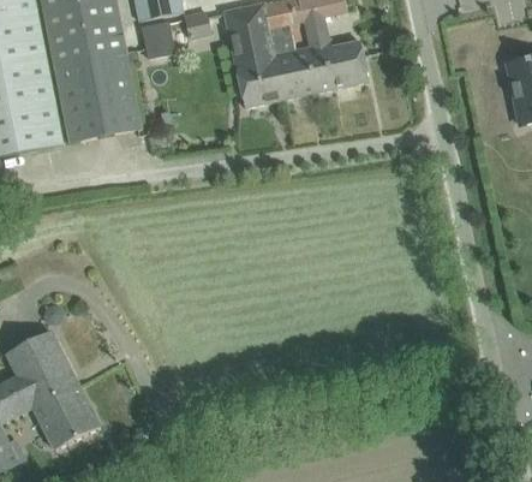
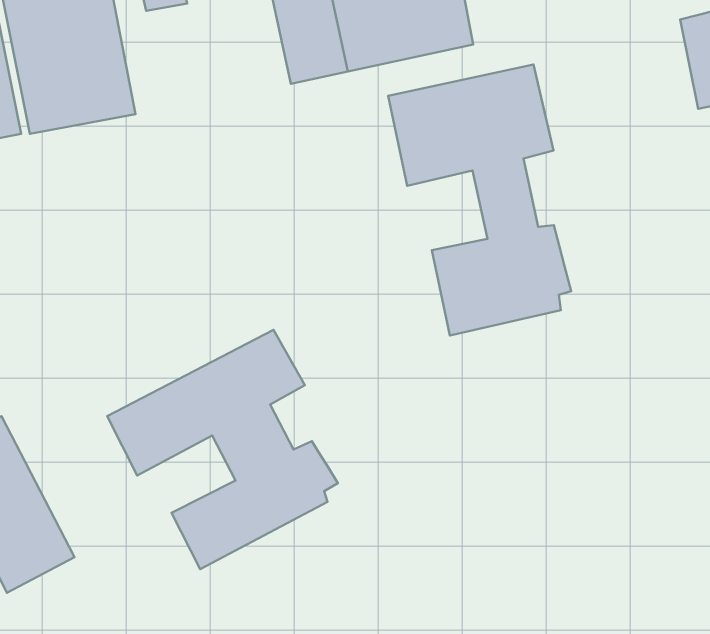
building: none -> [388,65,571,335]
building: none -> [107,330,338,569]

